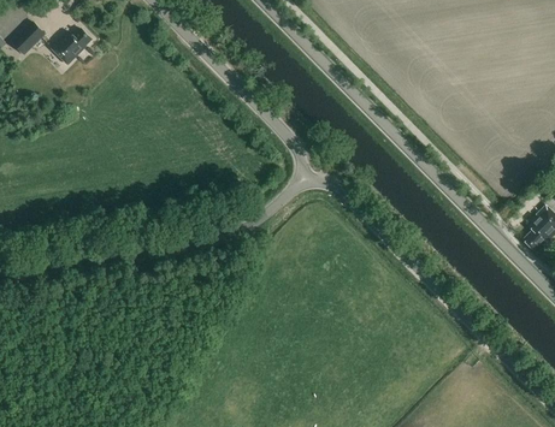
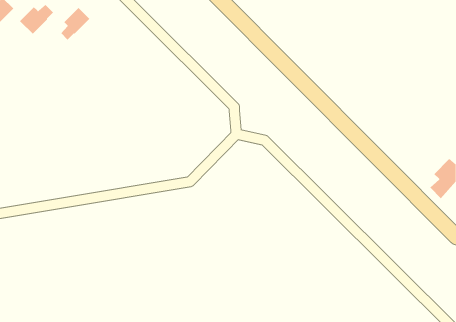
building: none -> [61,7,90,40]

